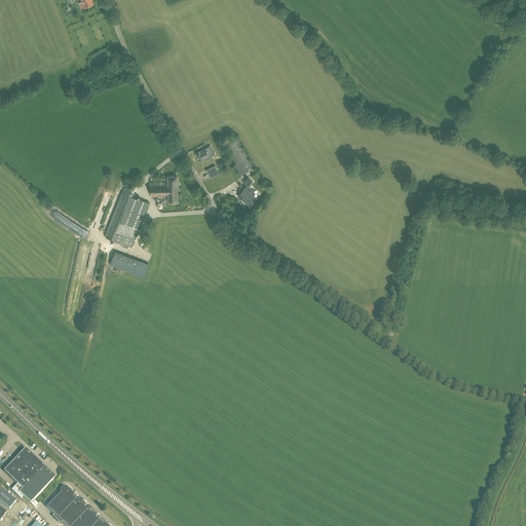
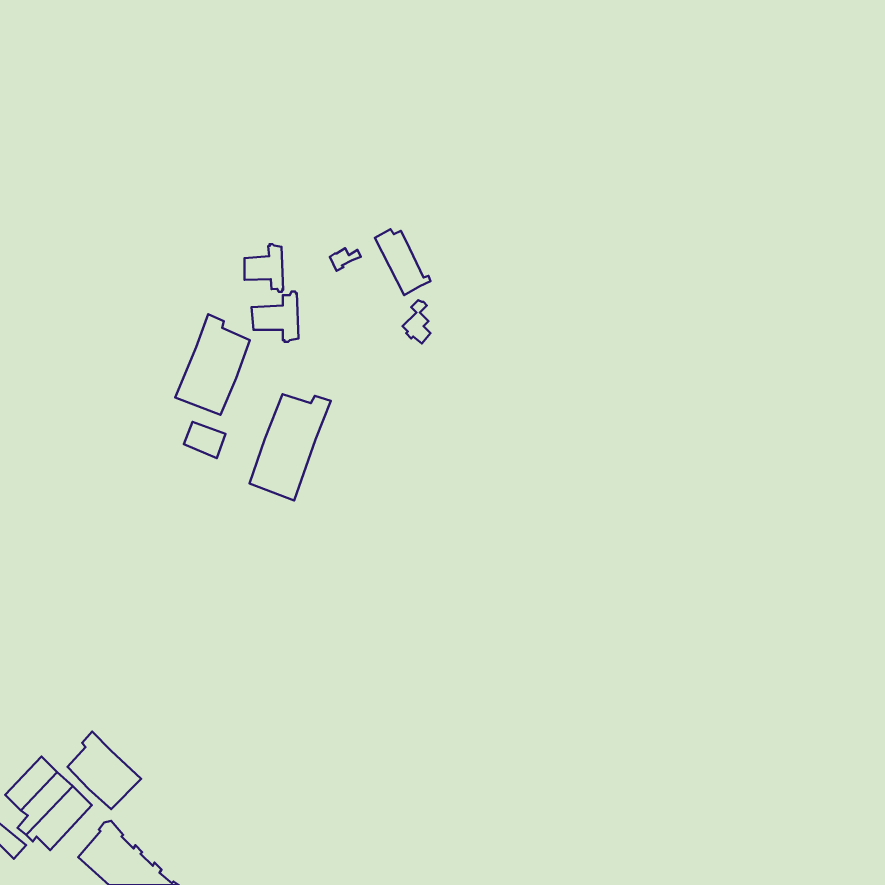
building: none -> [244,244,283,292]
building: none -> [249,394,331,501]
building: none -> [68,732,141,809]

